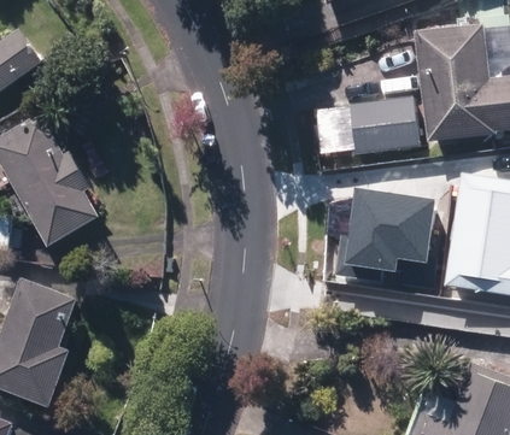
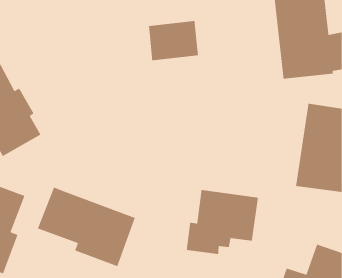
building: [351,96,420,152] -> [148,20,199,61]
building: [335,187,434,276] -> [186,189,259,255]
building: none -> [37,186,136,267]

